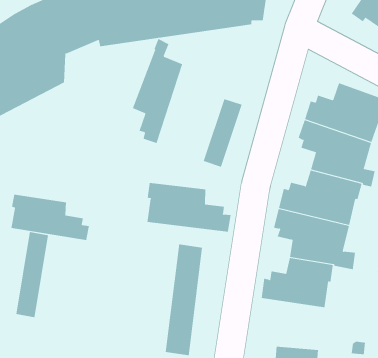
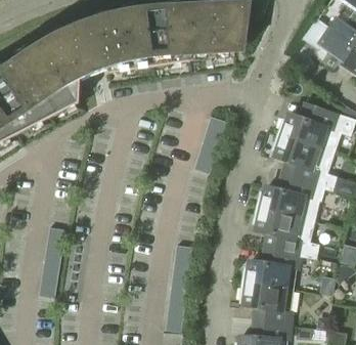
building: [132,38,183,144] -> none
building: [147,182,231,233] -> none
building: [11,194,90,241] -> none
building: none -> [239,281,295,324]

